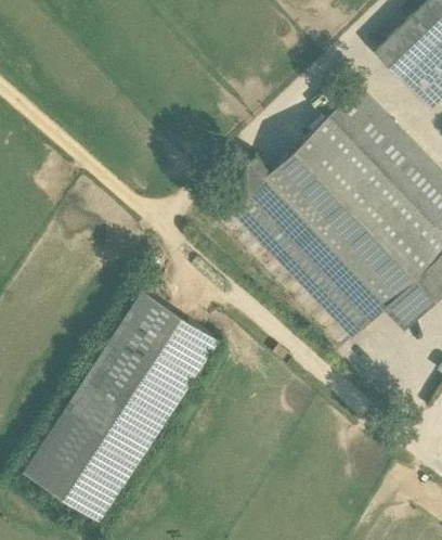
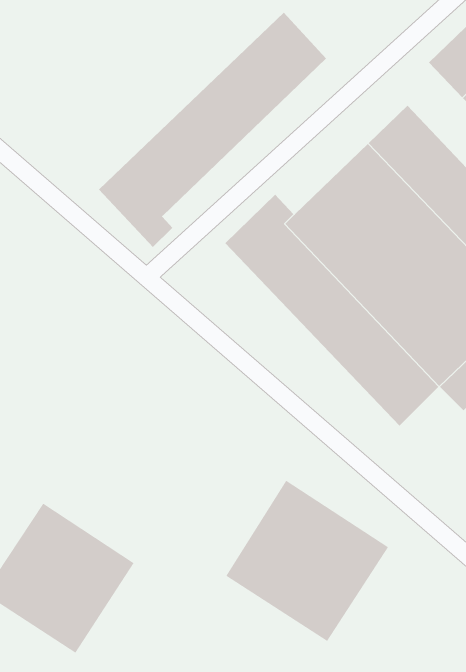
building: none -> [98,12,327,248]
building: [73,291,217,449] -> none
building: none -> [225,480,389,642]

